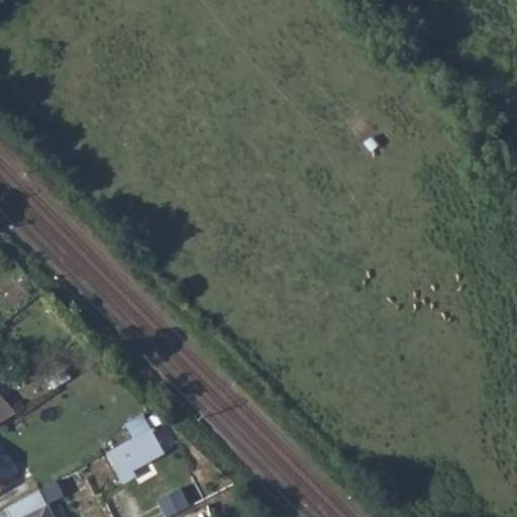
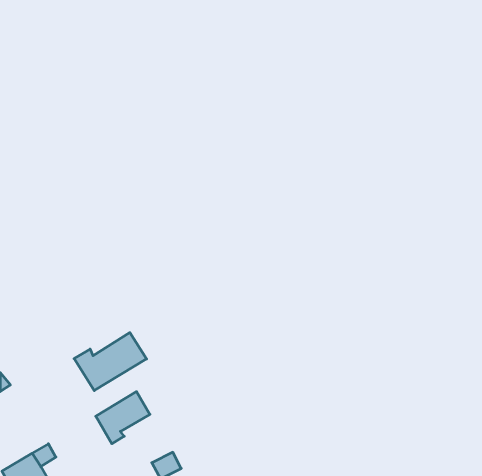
building: none -> [74,333,147,391]

